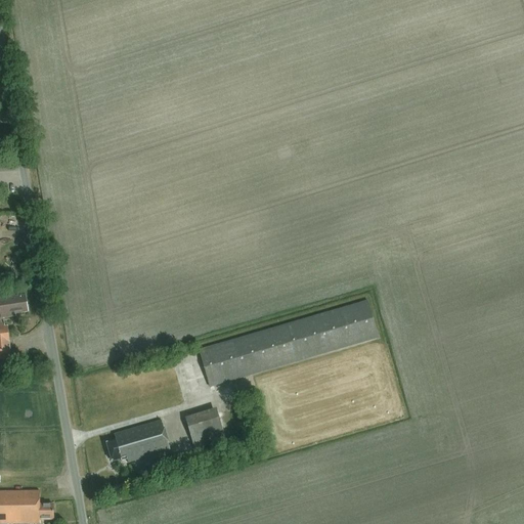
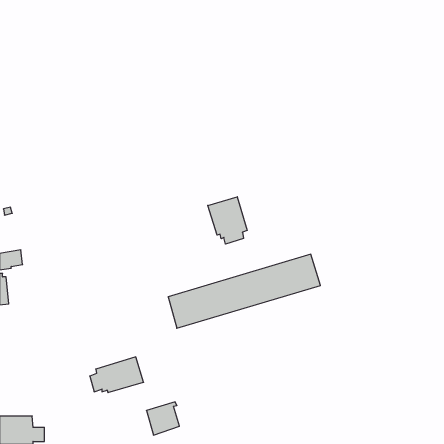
building: none -> [208,197,247,244]
building: [185,410,224,449] -> [146,402,179,435]

